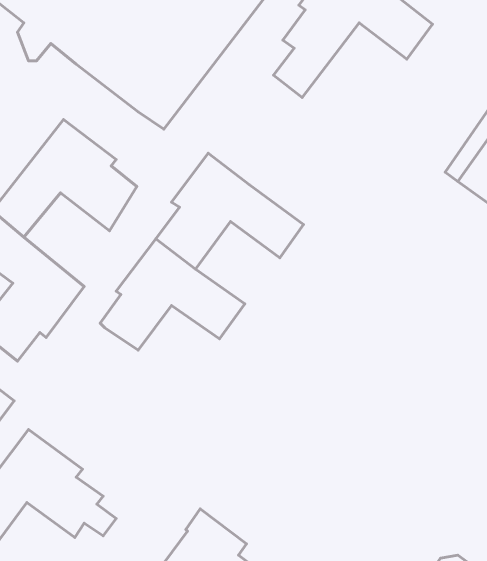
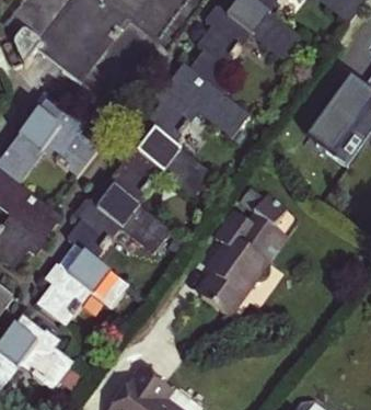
building: none -> [144,64,247,145]
building: none -> [199,195,286,318]
building: none -> [38,243,126,322]

